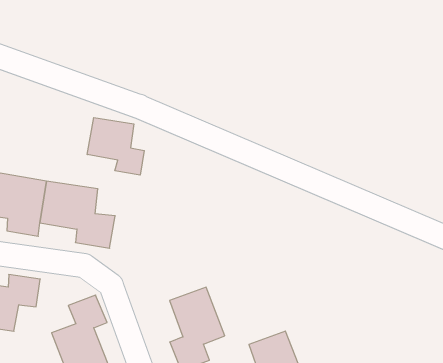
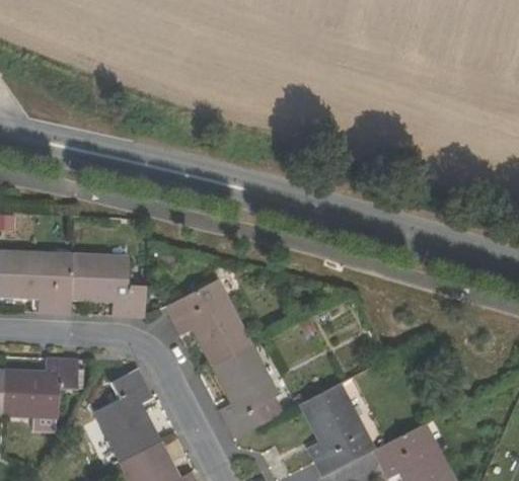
building: [87,118,144,175] -> none
building: none -> [167,280,251,366]

